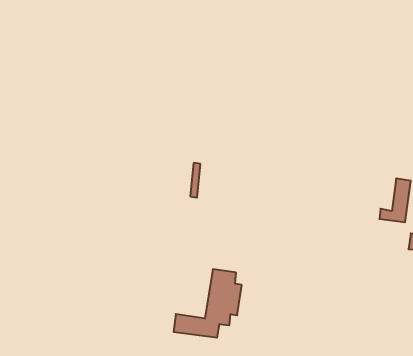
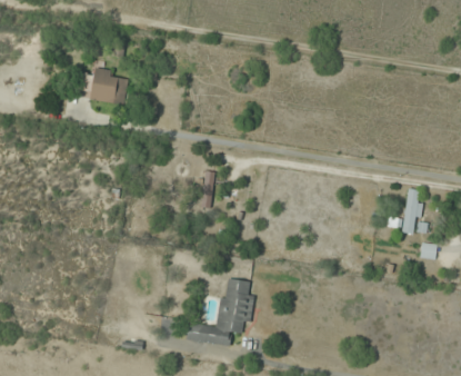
building: none -> [76,70,130,105]

